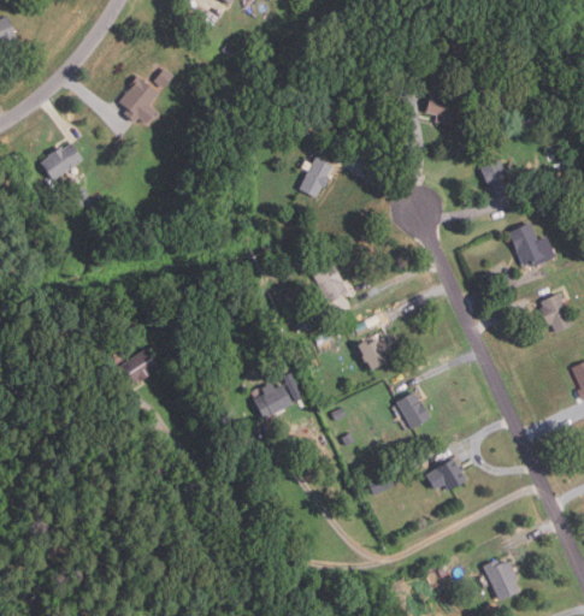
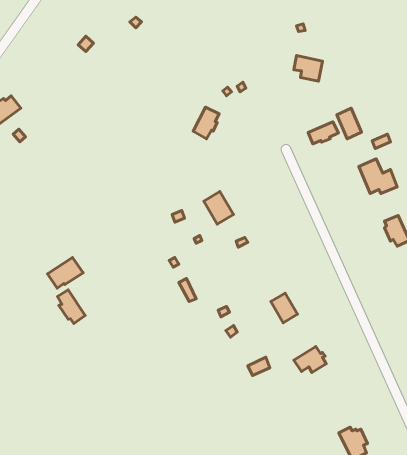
building: [119,76,158,124] -> none
building: none -> [308,122,338,144]
building: [356,339,388,369] -> none
building: [252,383,291,420] -> none
building: none -> [57,290,85,323]

